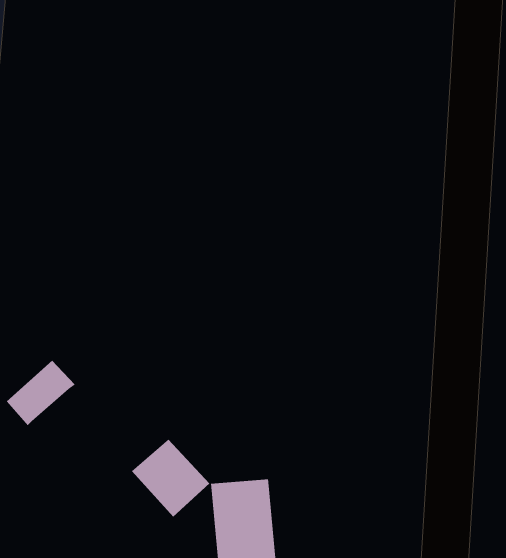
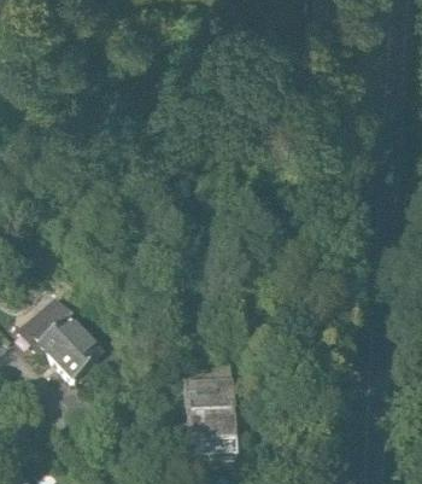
building: [131,439,210,518] -> [41,313,102,374]

